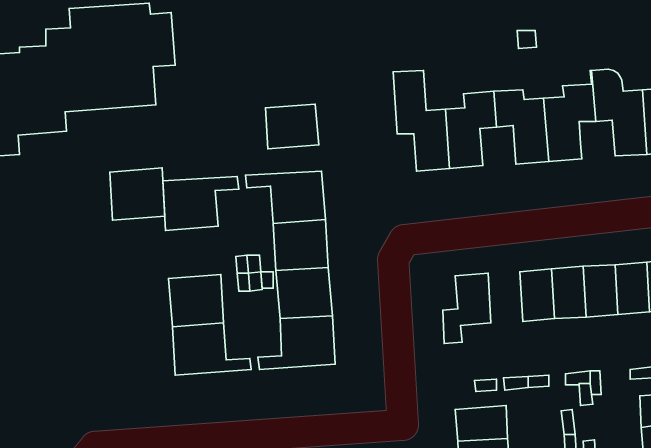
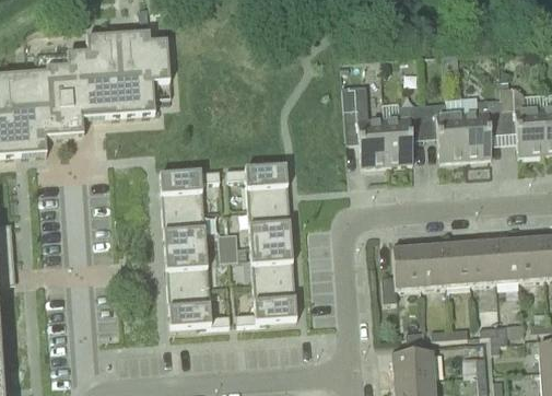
building: [266,104,319,149] -> none
building: [110,168,165,220] -> [162,209,205,251]
building: none -> [418,245,445,286]

